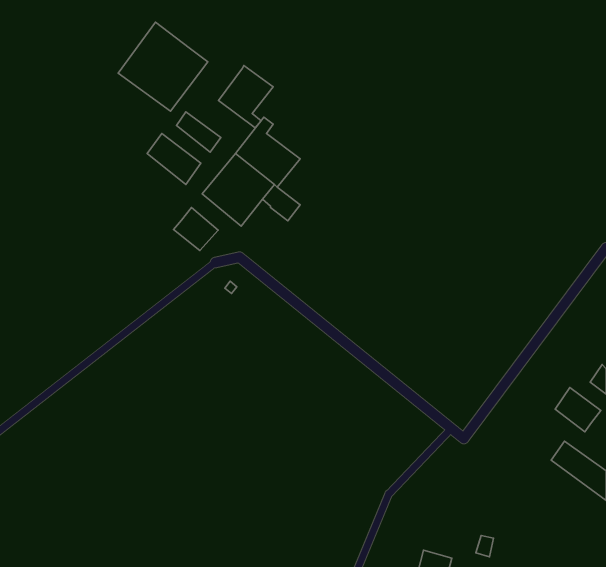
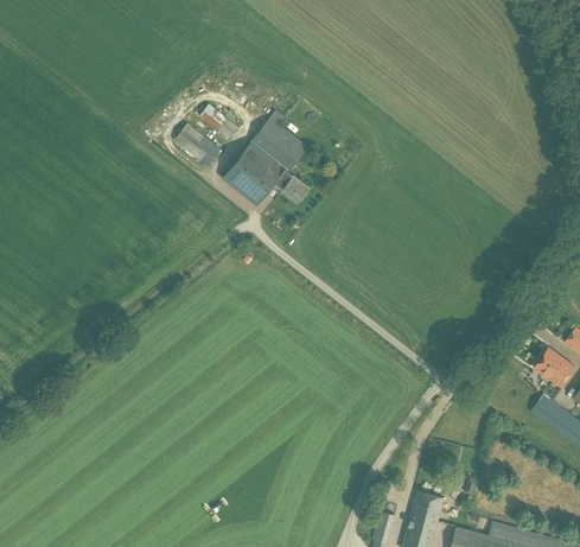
building: [118,22,208,111] -> none
building: [218,66,273,128] -> none
building: [174,208,218,251] -> none

